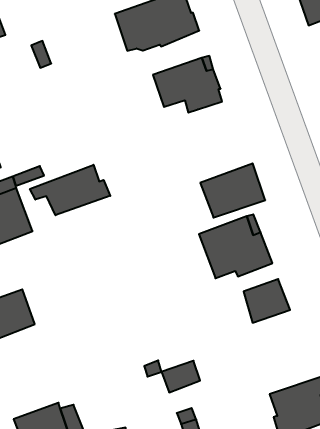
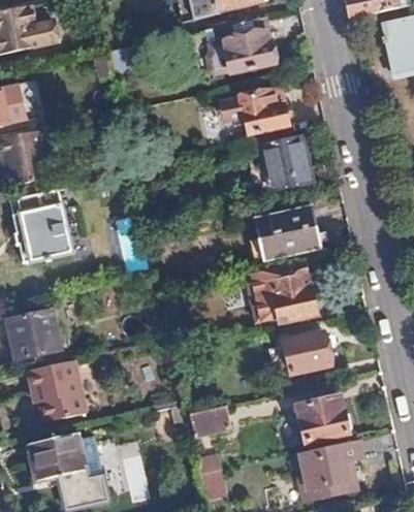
building: none -> [262,135,312,191]
building: [30,165,110,215] -> none
building: none -> [27,360,85,419]
building: none -> [297,396,351,442]

